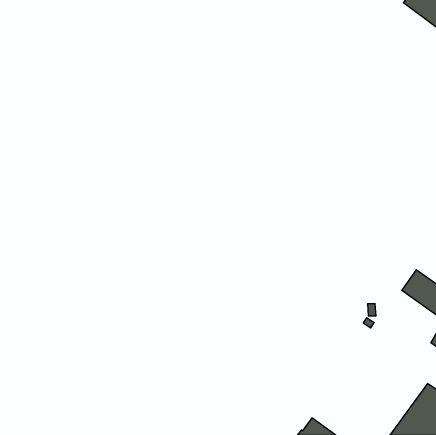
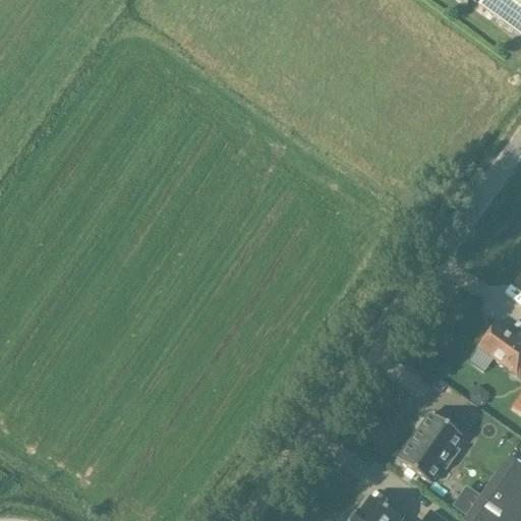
building: none -> [399,412,465,482]

